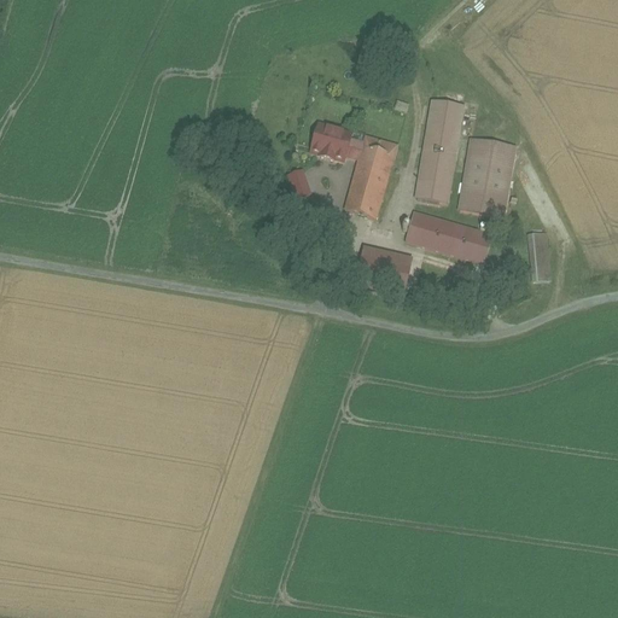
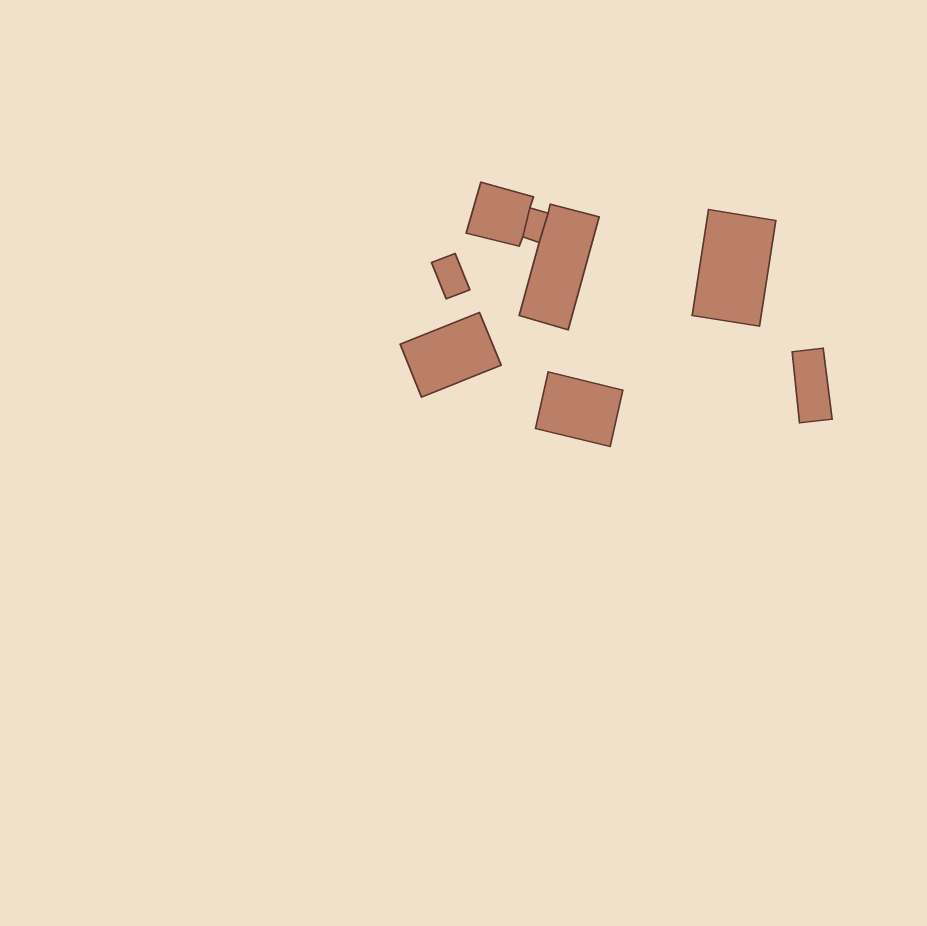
building: [415,100,465,200] -> none
building: none -> [400,312,501,397]
building: [408,211,489,258] -> none

